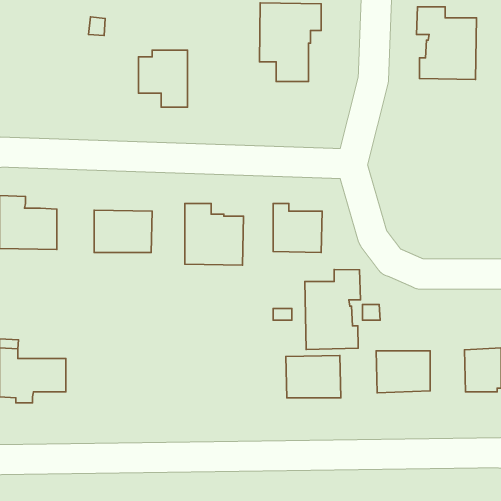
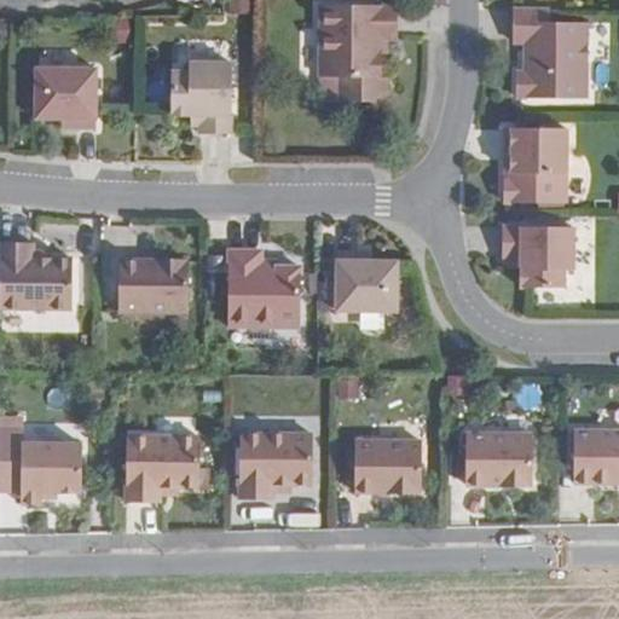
building: none -> [34,68,96,128]
building: none -> [504,127,566,202]
building: none -> [502,225,573,287]
building: [305,270,361,349] -> none
building: none -> [237,430,310,498]
building: none -> [126,433,199,499]

